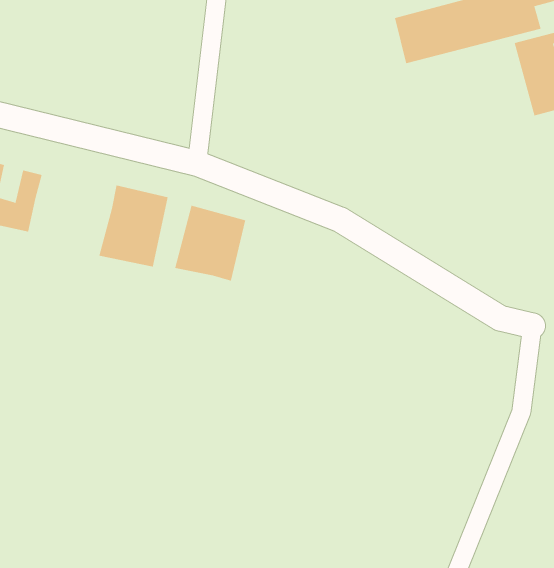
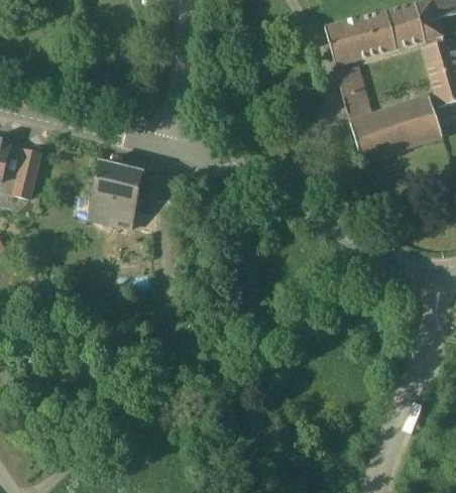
building: none -> [337,64,443,161]
building: [175,205,246,281] -> none

